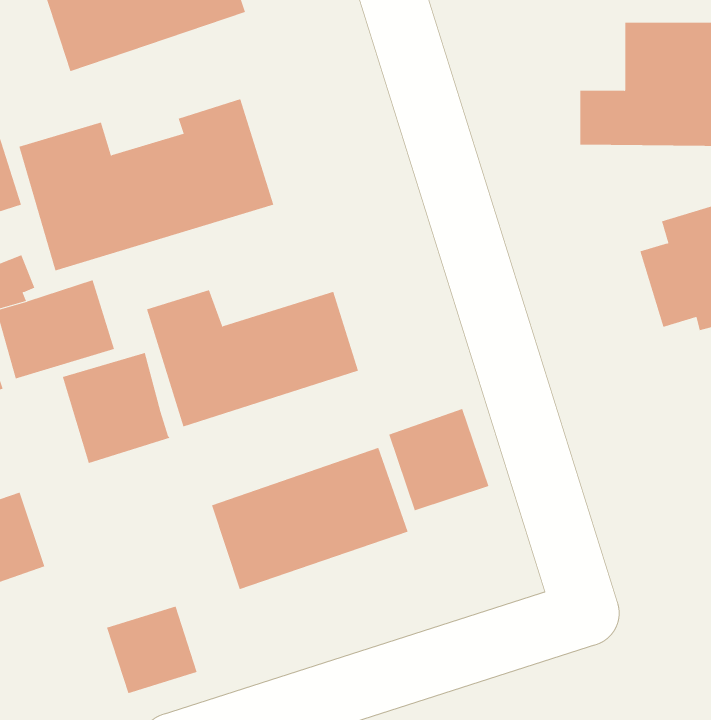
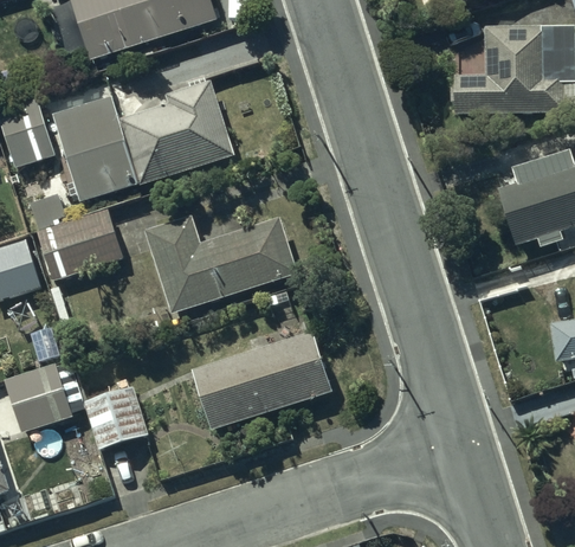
building: [62,352,170,464] -> none
building: [389,408,489,511] -> none
building: [106,606,198,694] -> [83,384,148,446]

